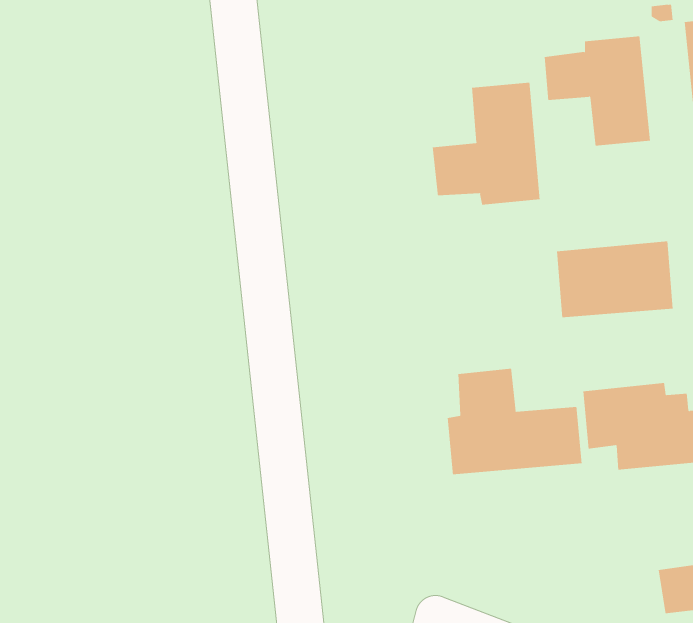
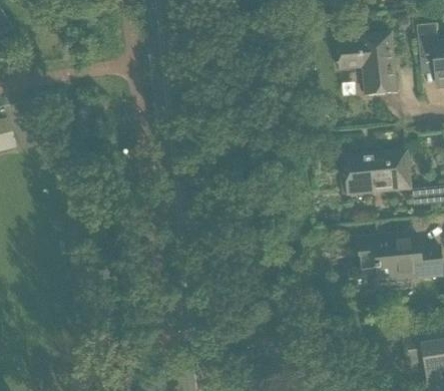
building: [432,82,540,205] -> none
building: [447,368,582,475] -> none

